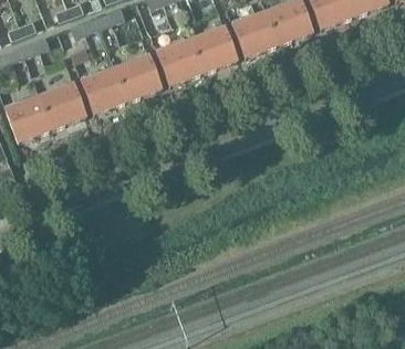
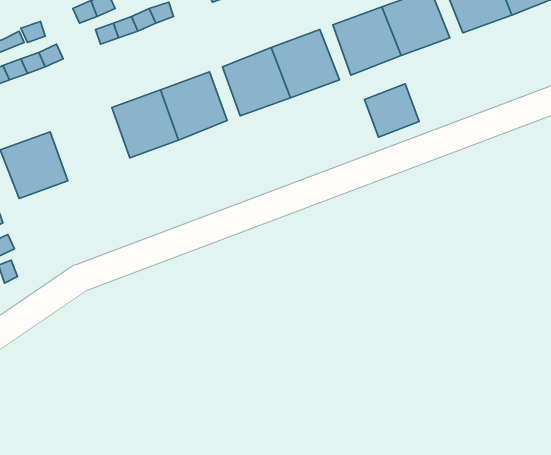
building: none -> [364,84,419,137]
building: [39,83,84,129] -> none

